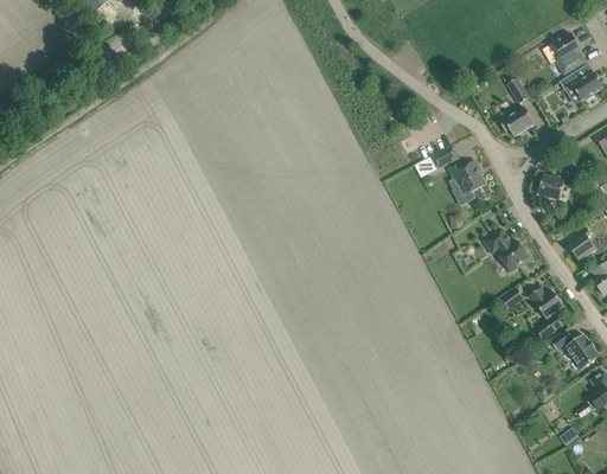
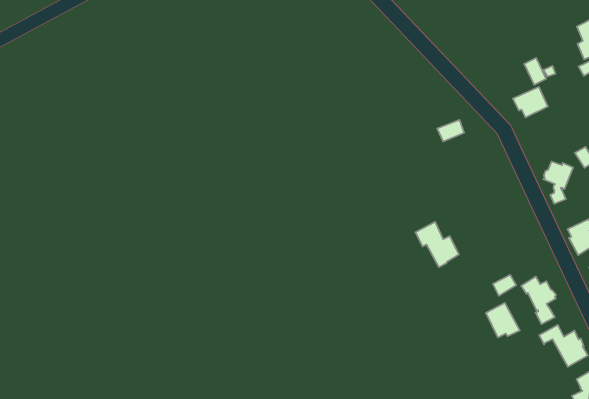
building: [449,161,486,193] -> none
building: [485,229,529,271] -> [415,222,459,267]
building: none -> [486,303,520,337]

